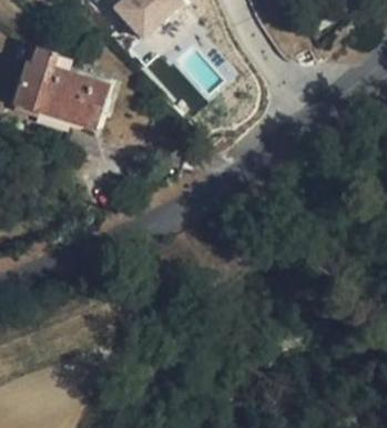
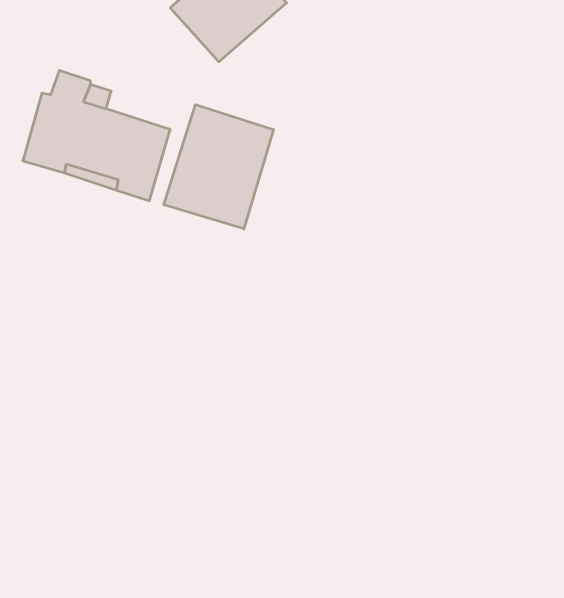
building: none -> [164,105,274,229]

